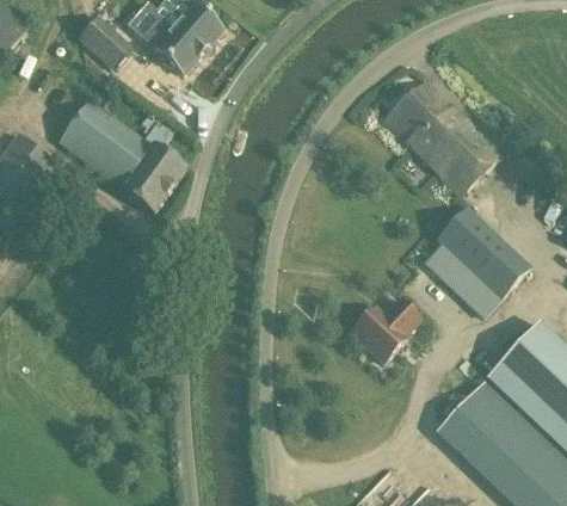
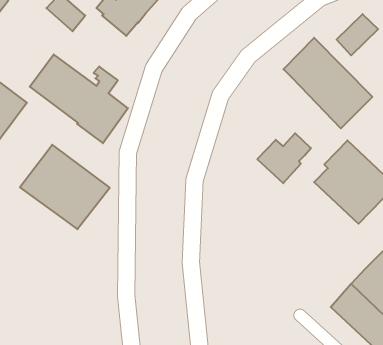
building: none -> [337,14,378,55]
building: none -> [20,145,110,229]
building: [350,298,419,363] -> [257,133,311,183]

